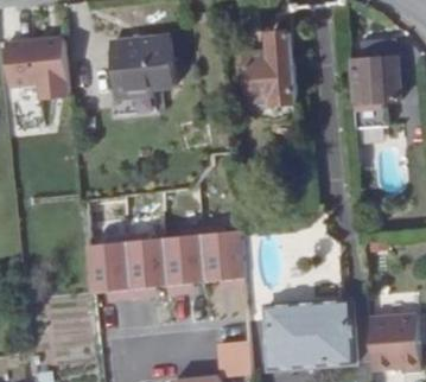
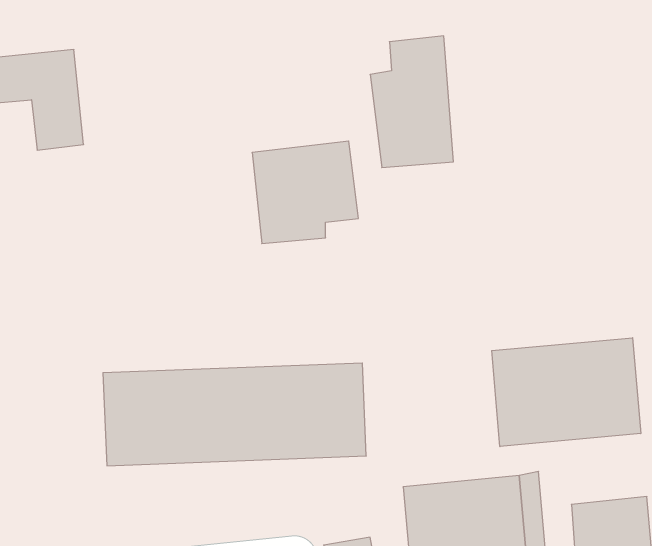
building: [110,36,176,98] -> [252,141,358,244]
building: [349,38,401,127] -> none
building: none -> [492,338,641,447]

